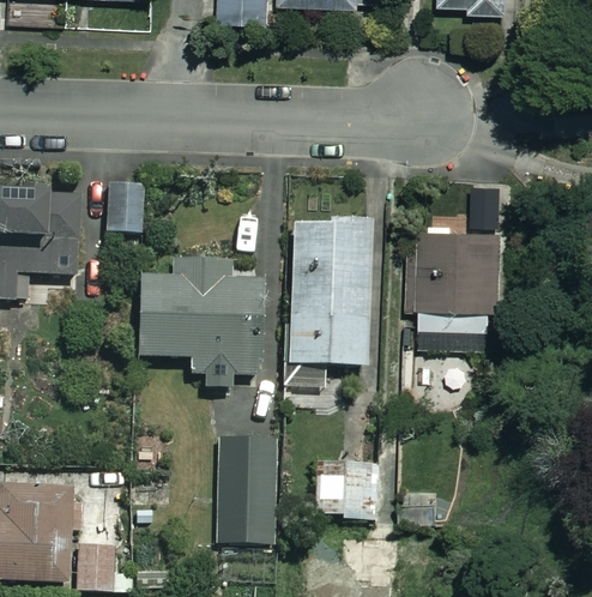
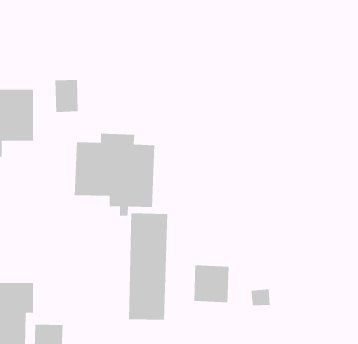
building: [288,219,370,384] -> none
building: [409,230,501,326] -> none

